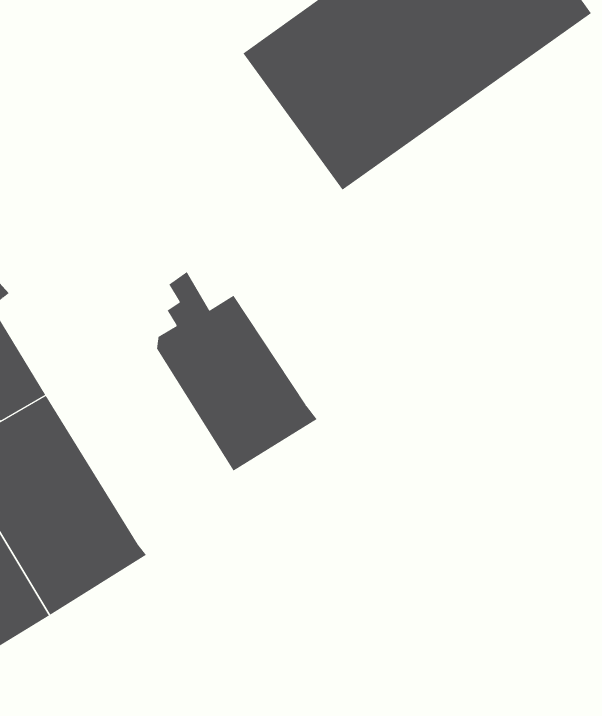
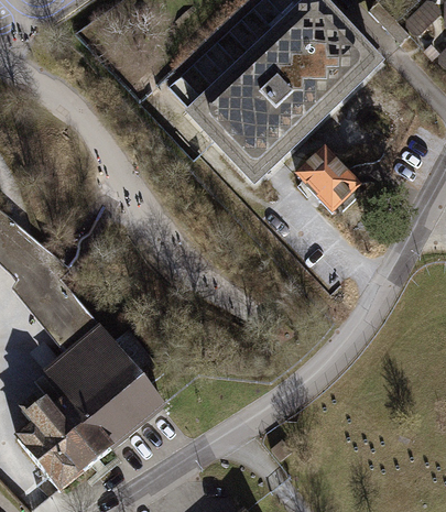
building: none -> [294,146,355,208]
building: [157,271,318,471] -> none

